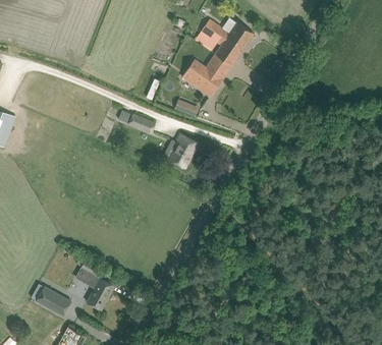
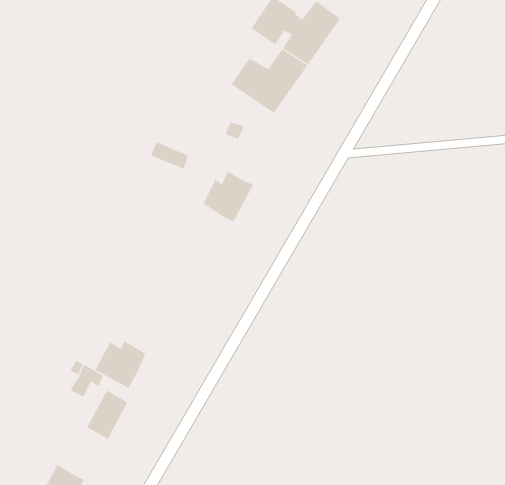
building: none -> [94,340,146,389]
building: [36,286,70,314] -> none

